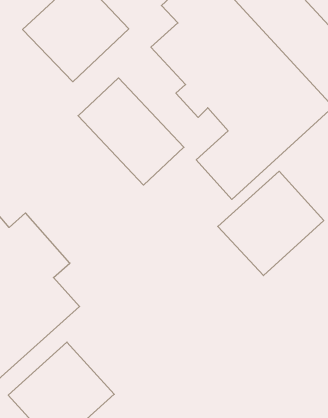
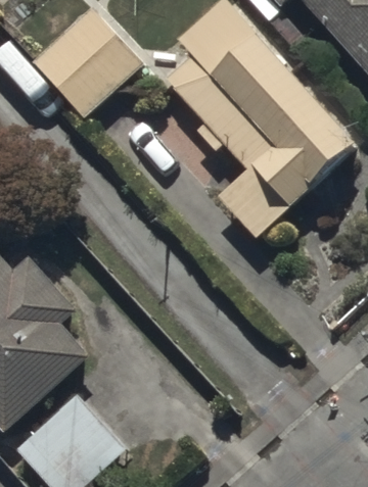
building: [78,78,184,185] -> none
building: [218,171,324,276] -> none

